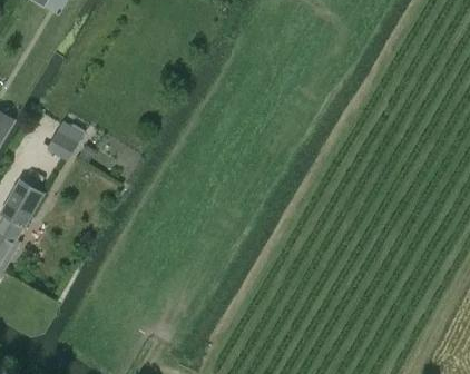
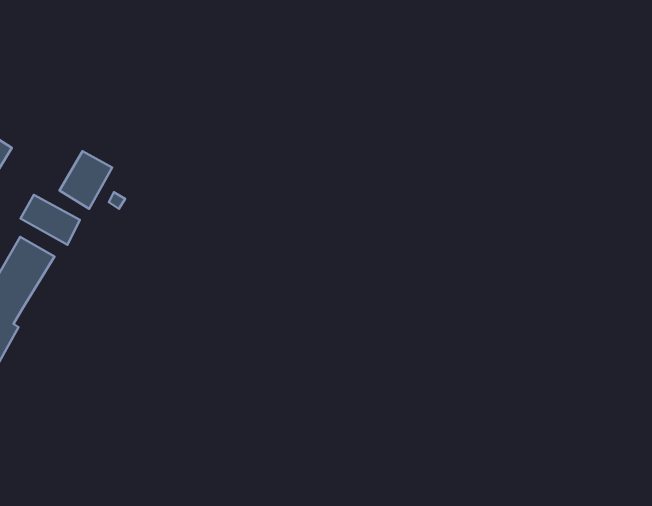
building: none -> [20,195,80,245]

